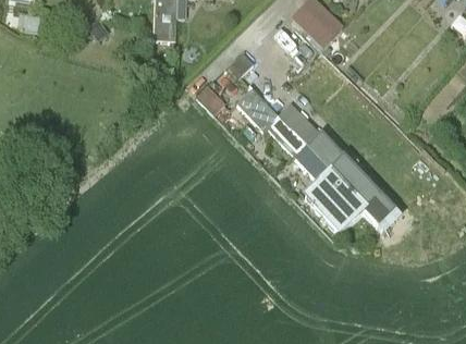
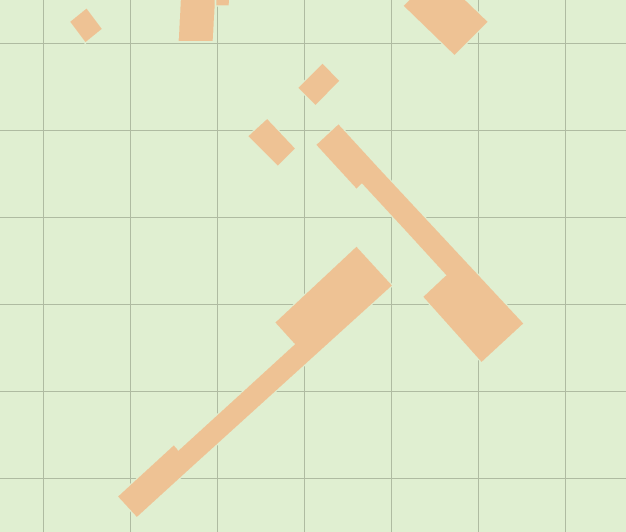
building: [277,101,396,225] -> none
building: none -> [117,246,393,518]

